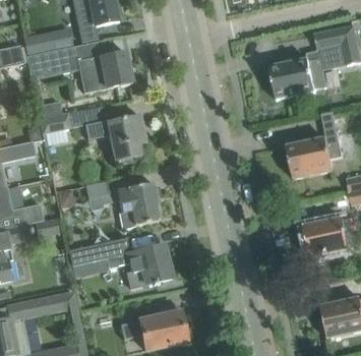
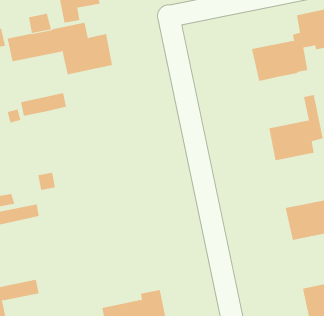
building: [85,113,144,160] -> none
building: [84,180,159,228] -> none
building: [68,237,172,288] -> none

